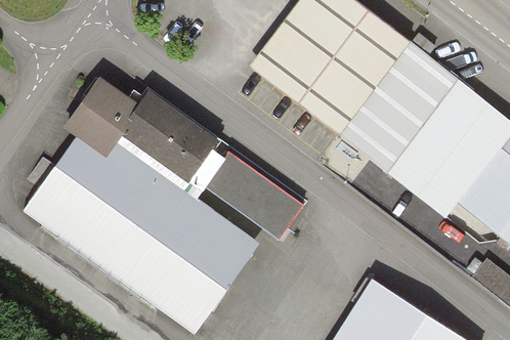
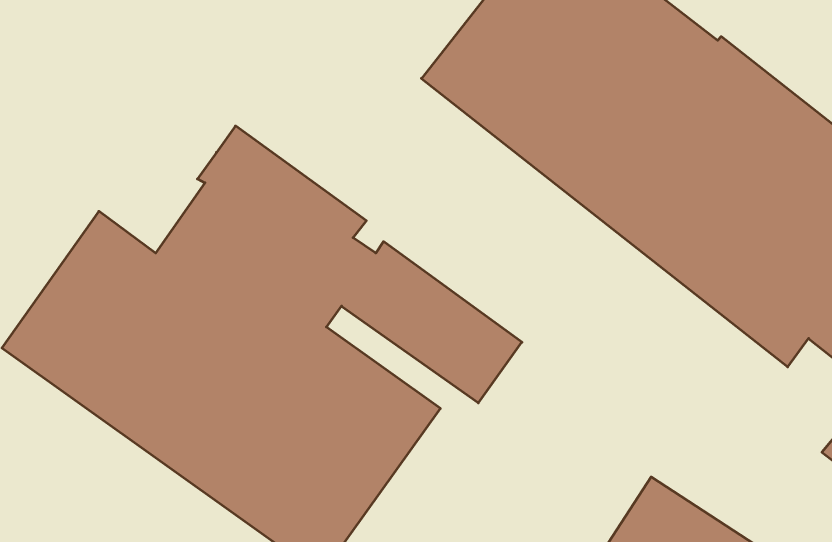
building: [62,77,138,159] -> none

